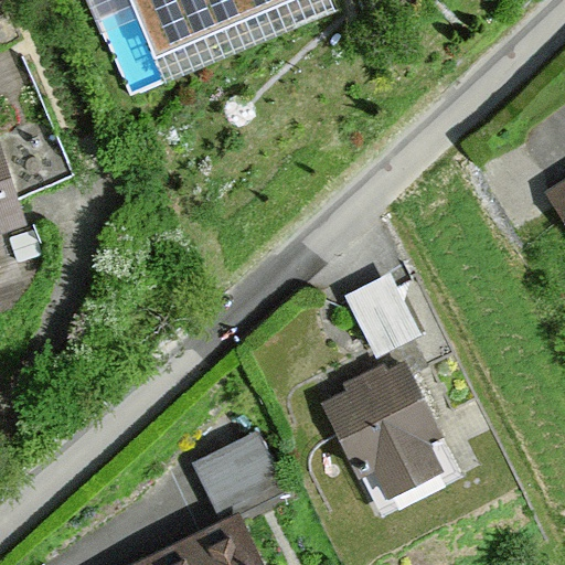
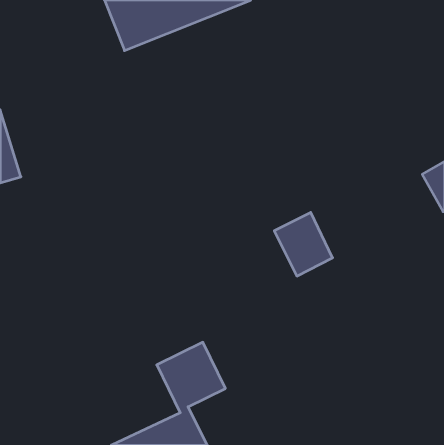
building: [315,360,440,501] -> none

